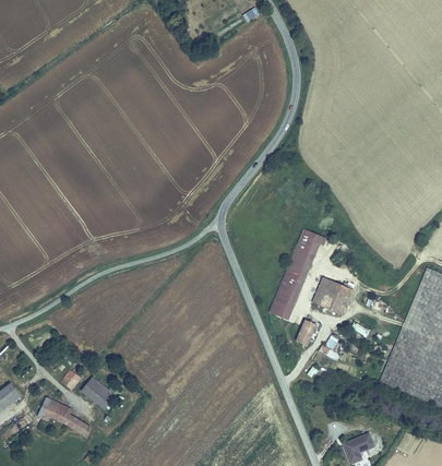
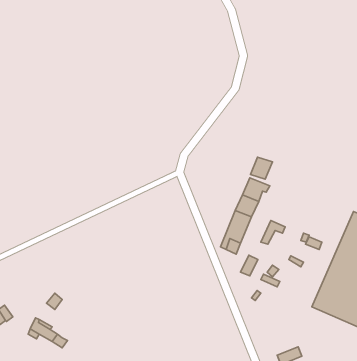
building: none -> [250,157,272,179]
building: [327,284,357,316] -> none
building: [81,375,115,408] -> none

